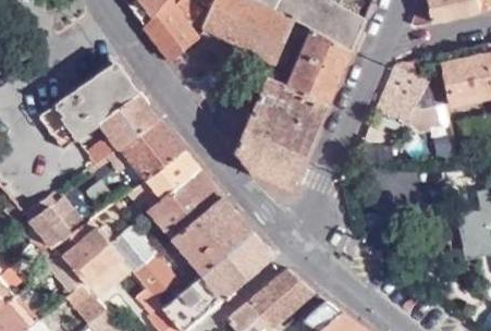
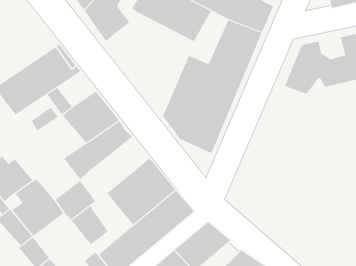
building: [114,97,159,138] -> none
building: [150,173,221,238] -> none

